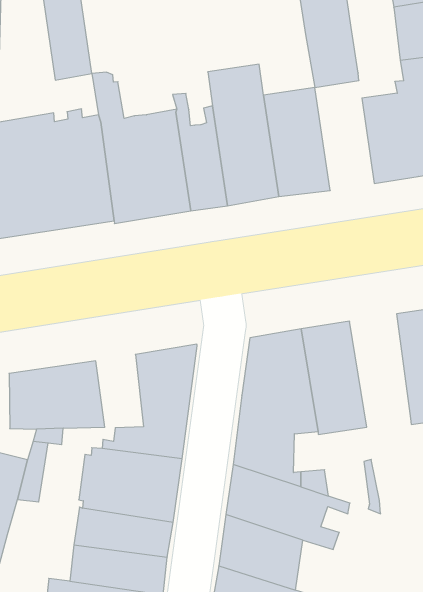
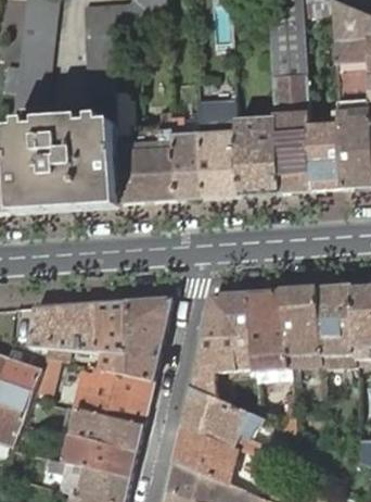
building: none -> [276,114,312,192]
building: none -> [285,287,323,384]
building: none -> [98,299,128,352]

